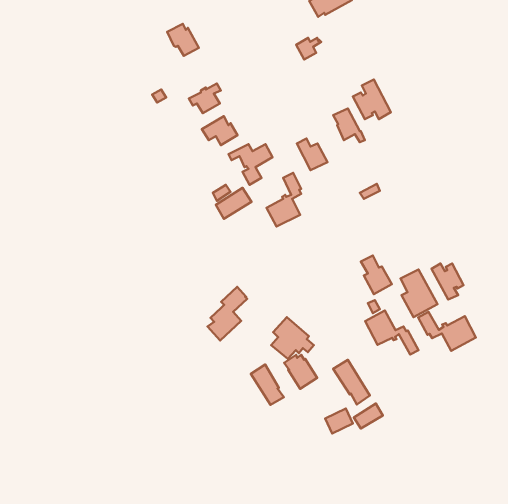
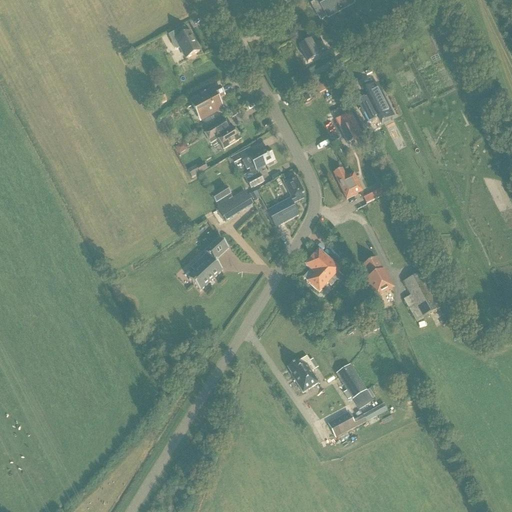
building: [297,138,327,170] -> [332,165,363,197]
building: [431,263,464,300] -> none
building: [207,287,247,341] -> [188,234,228,288]
building: [365,310,419,355] -> none
building: [418,312,476,351] -> none
building: [271,317,314,359] -> [302,248,345,290]
building: [251,365,284,405] -> none

